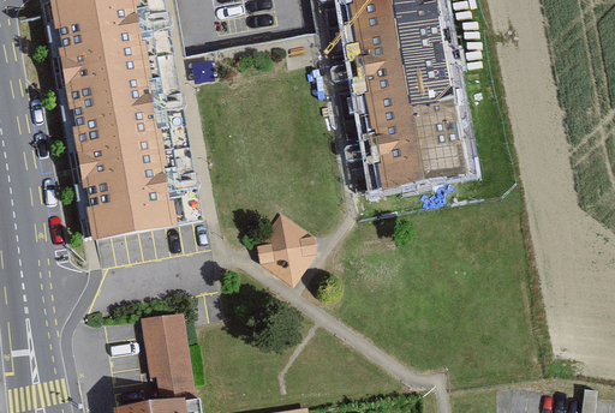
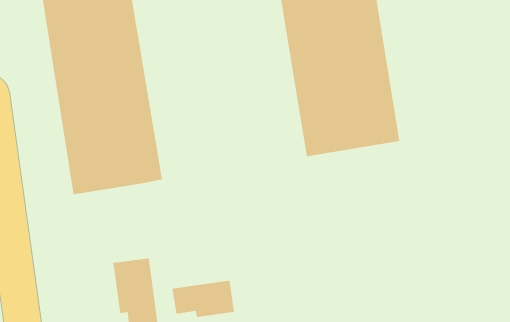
building: [256,217,312,285] -> none
building: none -> [172,280,234,318]

